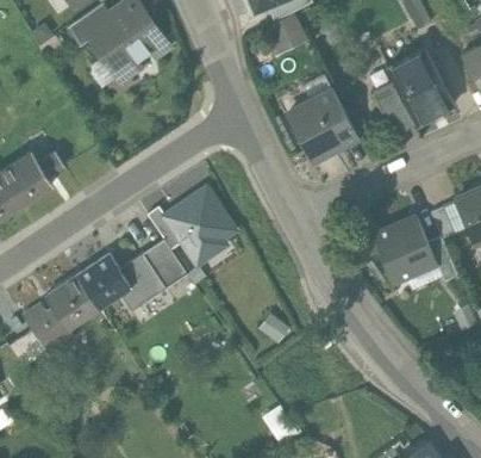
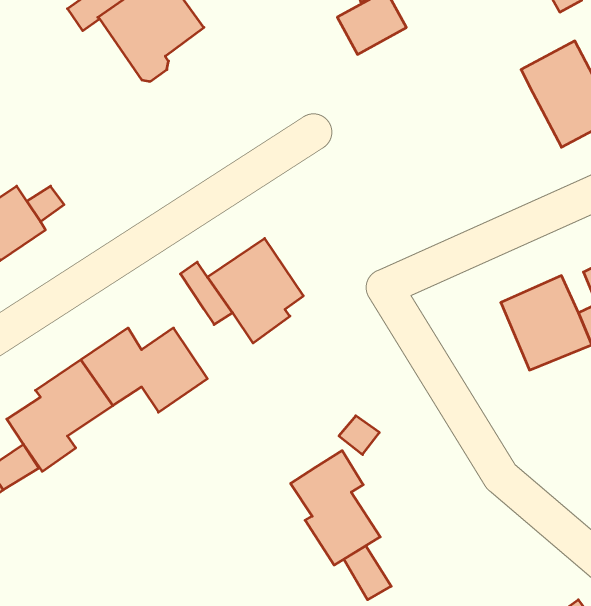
building: [373,81,416,135] -> none
building: [288,88,358,161] -> none
building: [142,239,187,287] -> none
building: none -> [291,451,380,565]

